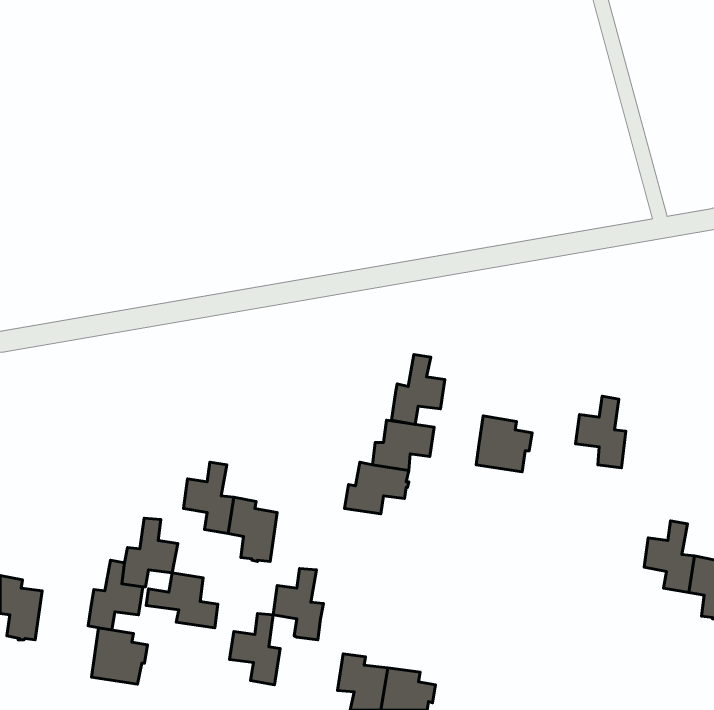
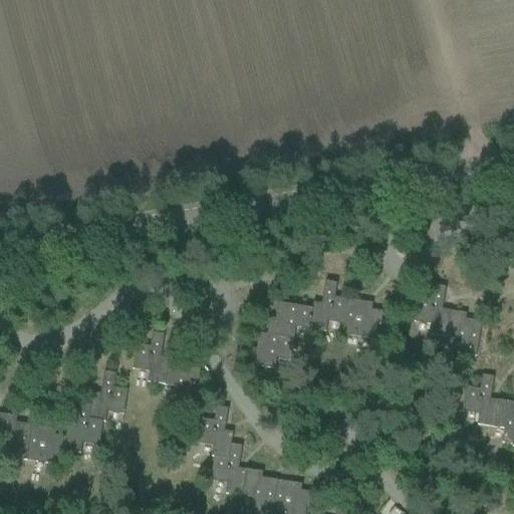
building: [391,354,445,424] -> [309,280,347,330]
building: none -> [447,309,482,355]
building: [146,573,218,628] -> none
building: [230,613,280,685] -> [211,444,247,495]
building: [91,628,147,684] -> [26,424,66,464]

